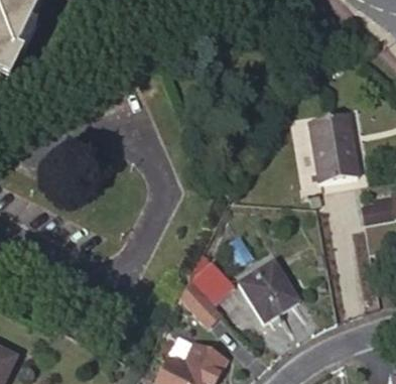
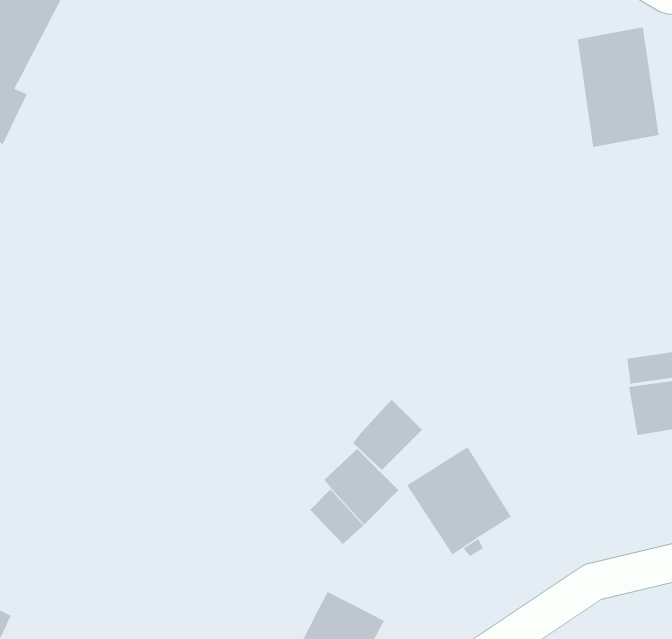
building: [309,112,357,181] -> [577,26,659,148]
building: none -> [352,399,423,471]

